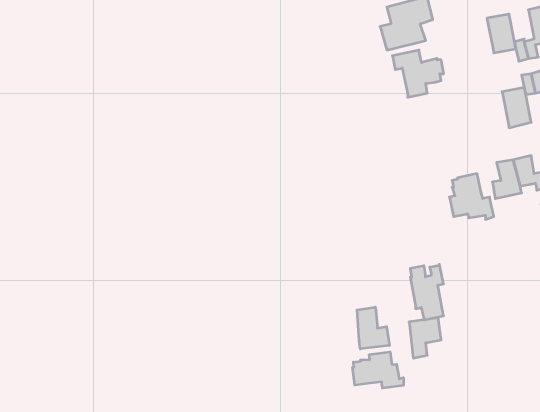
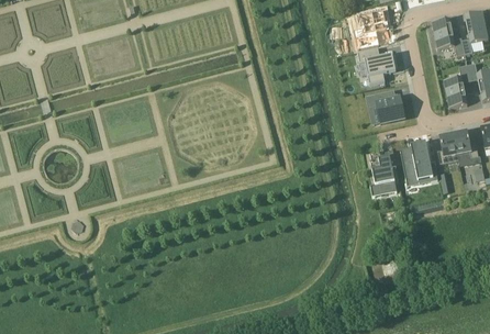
building: none -> [367,91,404,122]
building: [410,264,444,320] -> [370,149,397,193]
building: [357,307,389,349] -> none
building: [352,352,403,388] -> none

